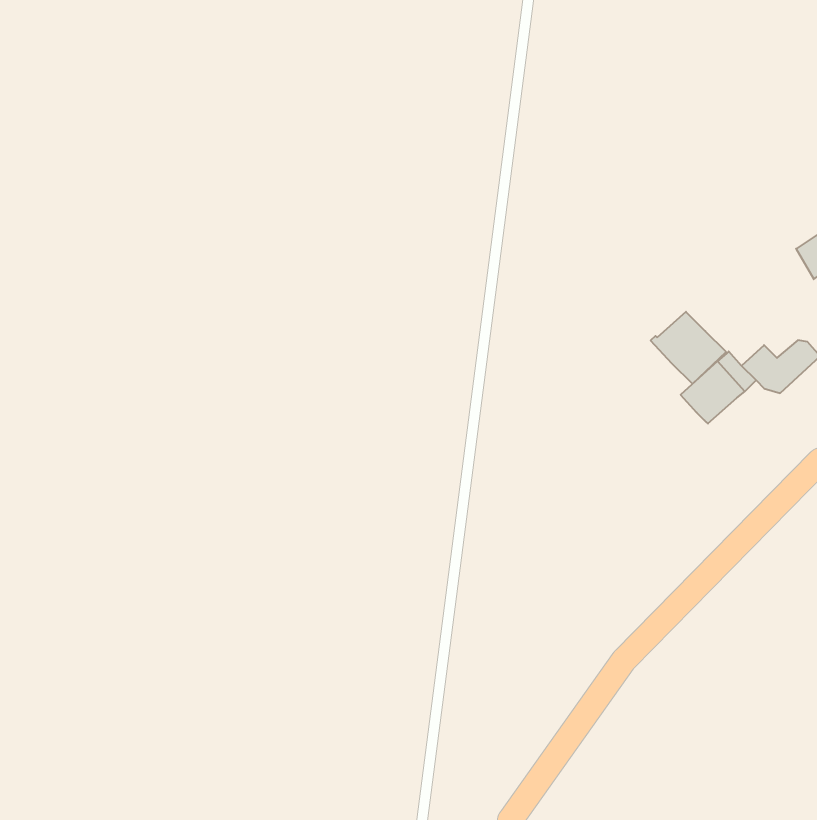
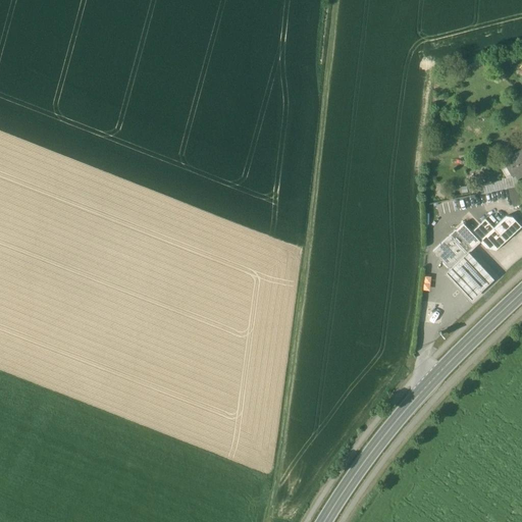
building: [651,312,726,384] -> [448,253,495,299]

